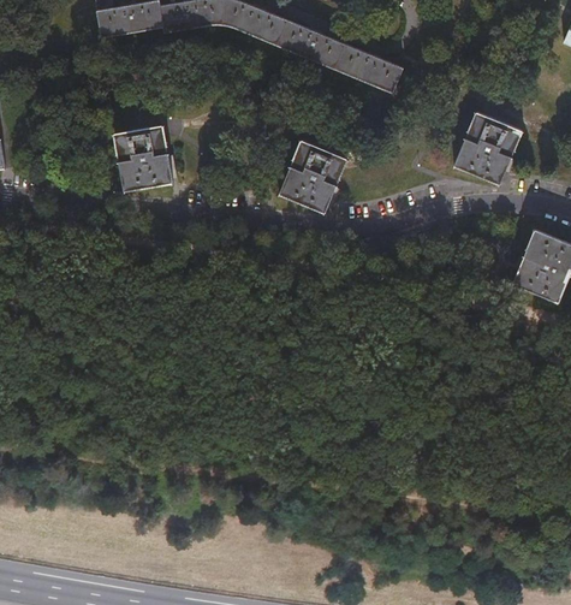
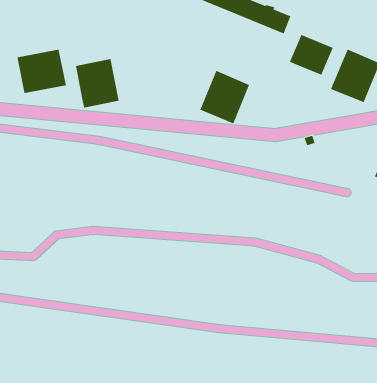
building: none -> [289,34,333,76]
building: none -> [17,49,66,94]

